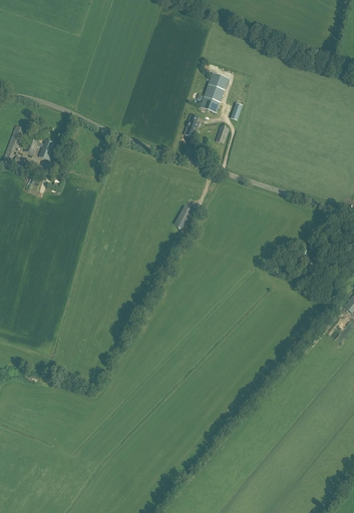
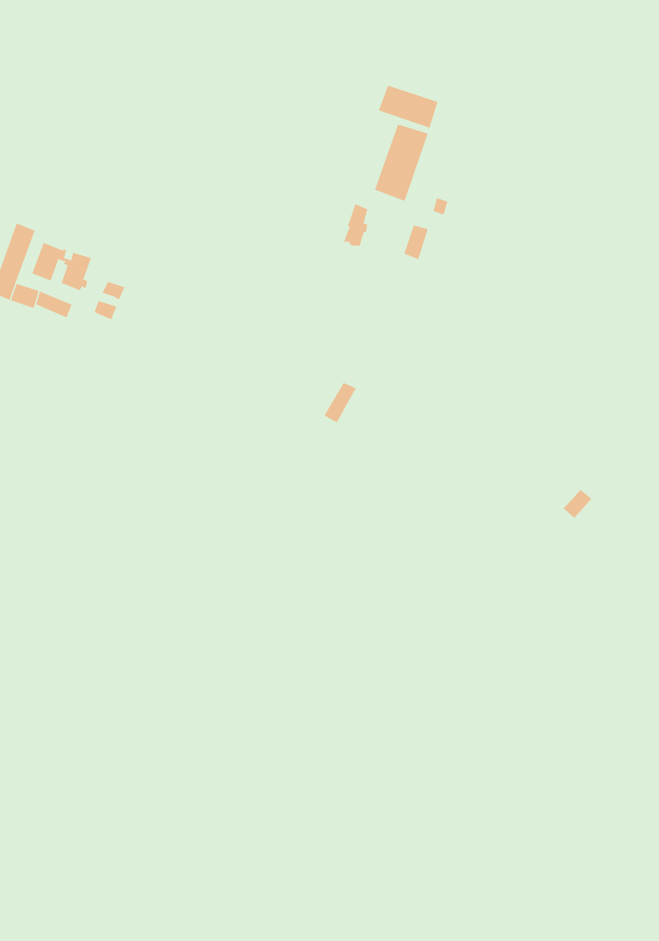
building: none -> [378,85,438,129]

